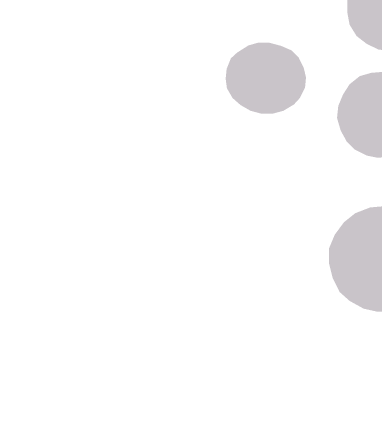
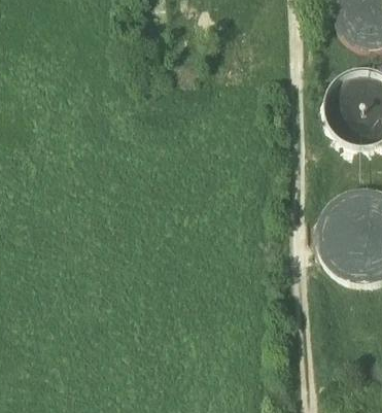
building: [225,42,307,114] -> none

